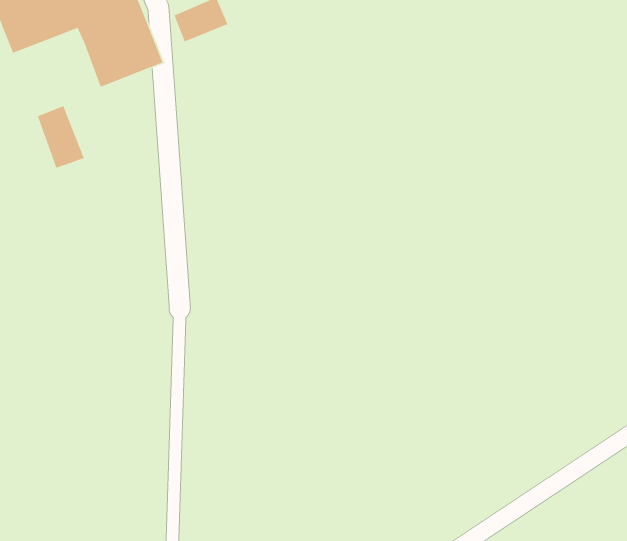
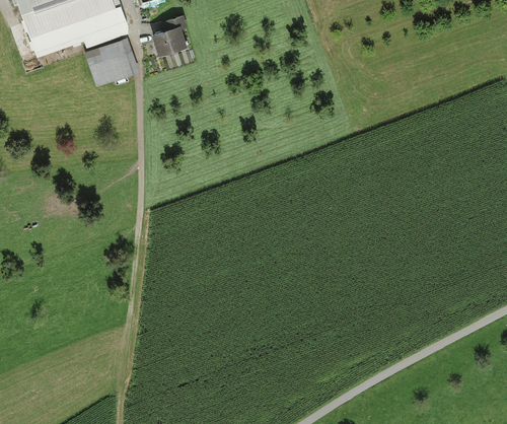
building: [37,105,85,169] -> none

